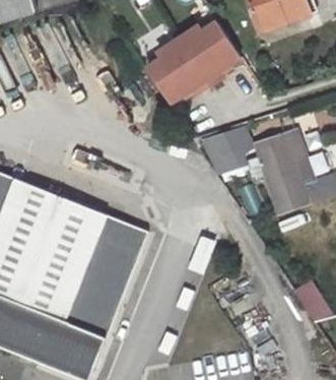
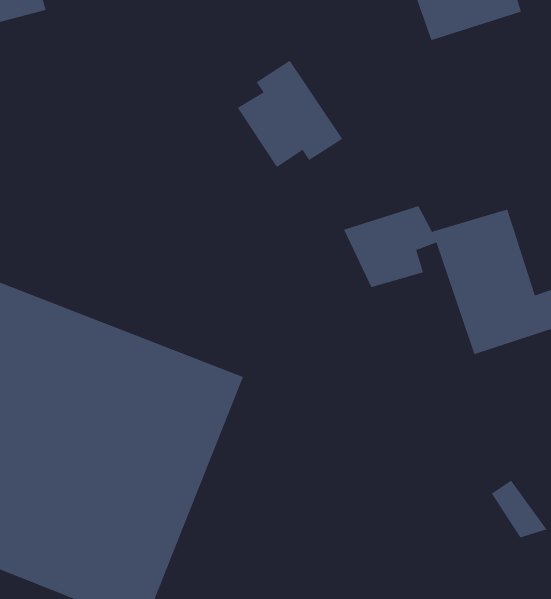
building: [175,23,238,88] -> none

